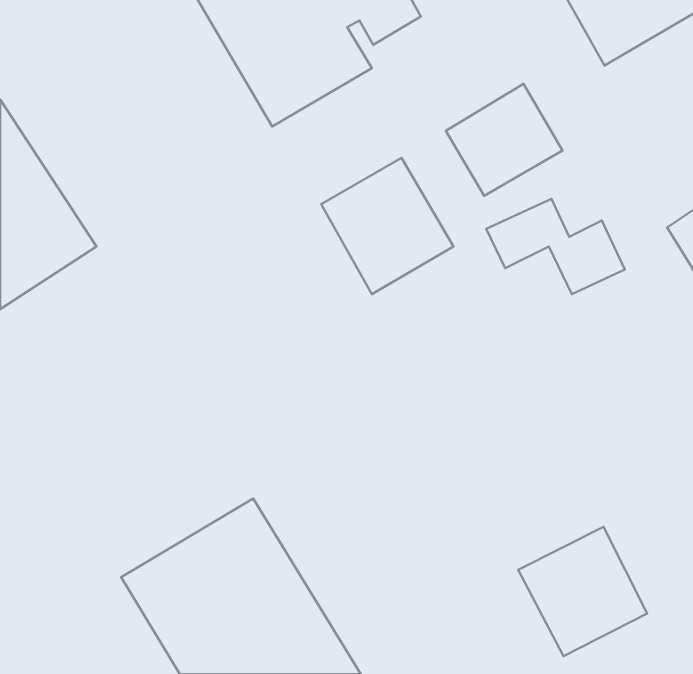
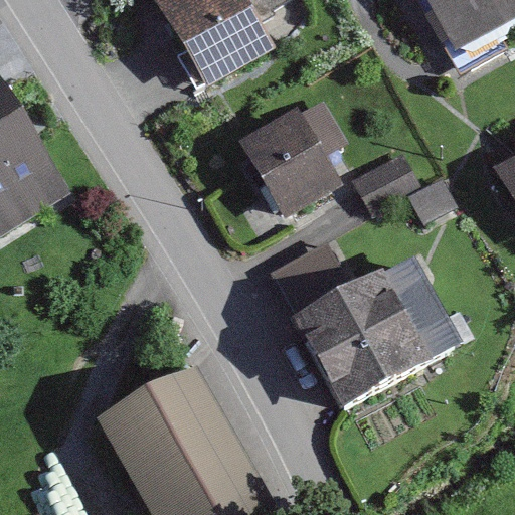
building: [446,84,562,196] -> none
building: none -> [292,256,458,405]
building: [518,527,647,656] -> none

